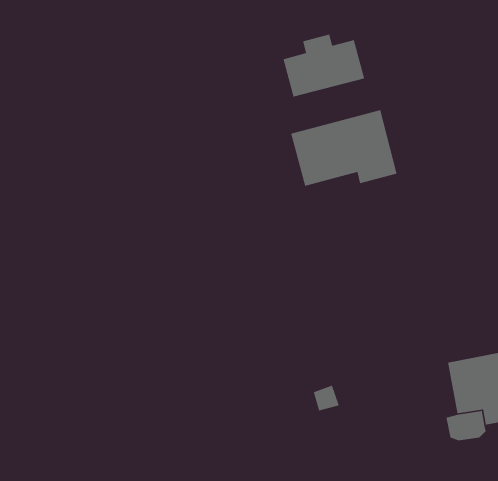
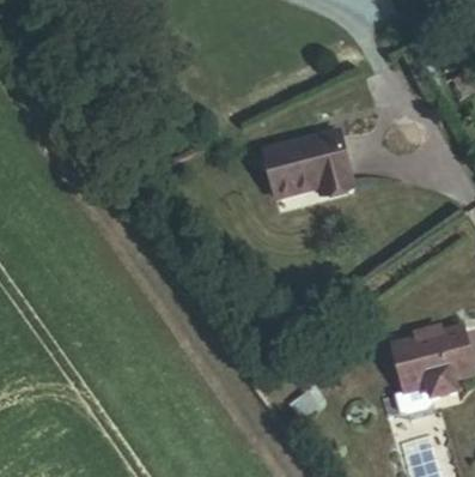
building: [283,33,365,98] -> none

